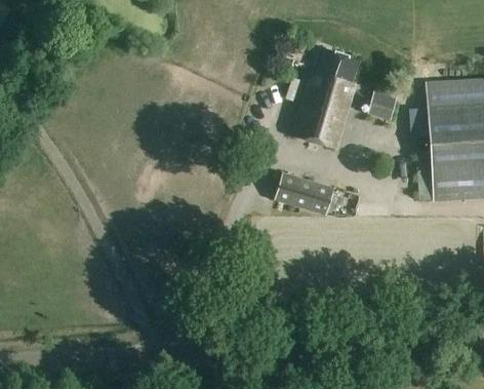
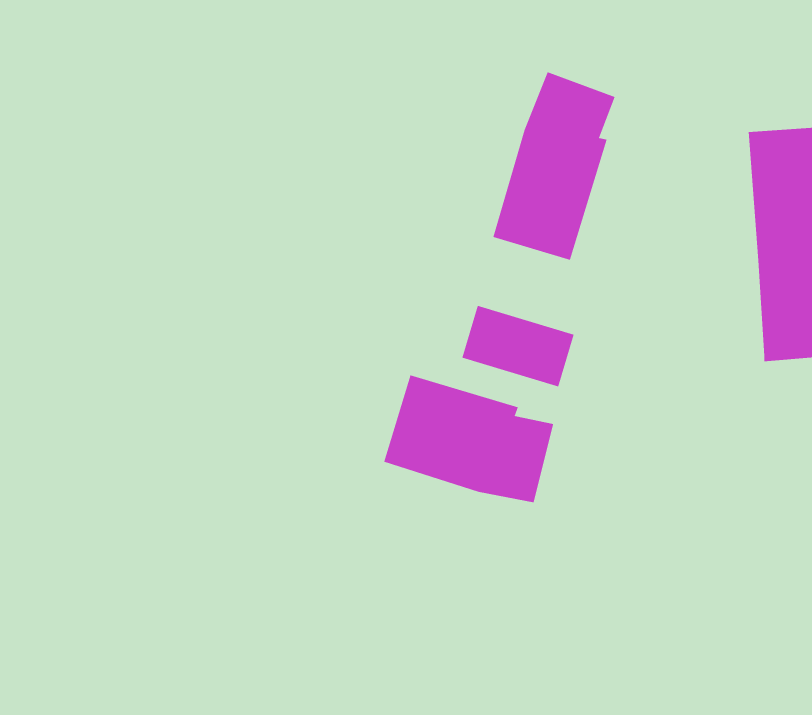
building: [369,87,399,120] -> none
building: none -> [383,374,554,503]

